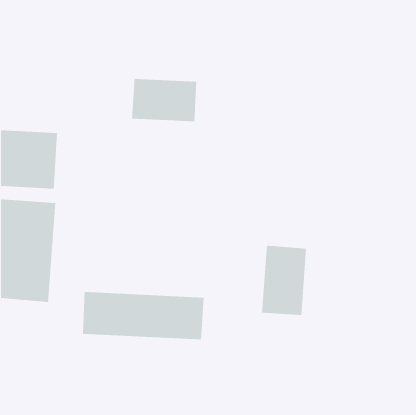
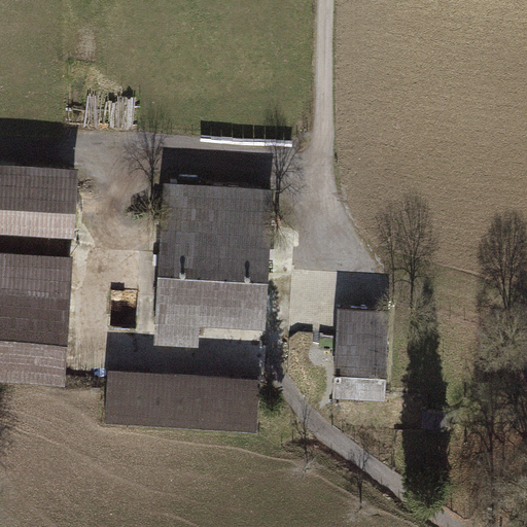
building: [131,78,197,122] -> none
building: none -> [153,185,270,347]

